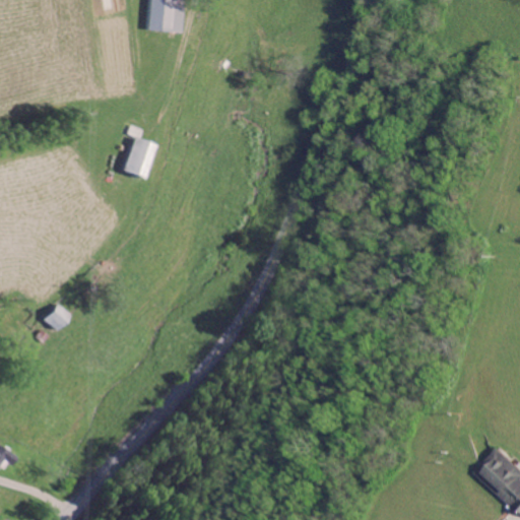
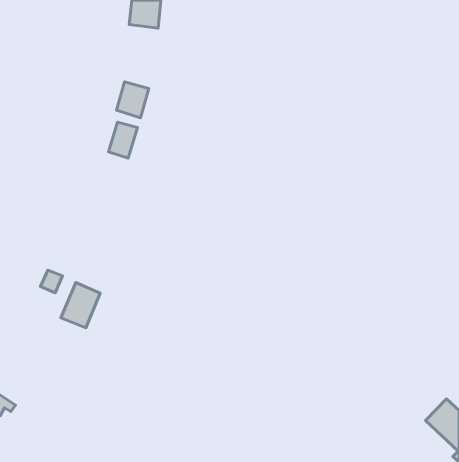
building: none -> [117,82,149,118]
building: none -> [61,282,100,328]

